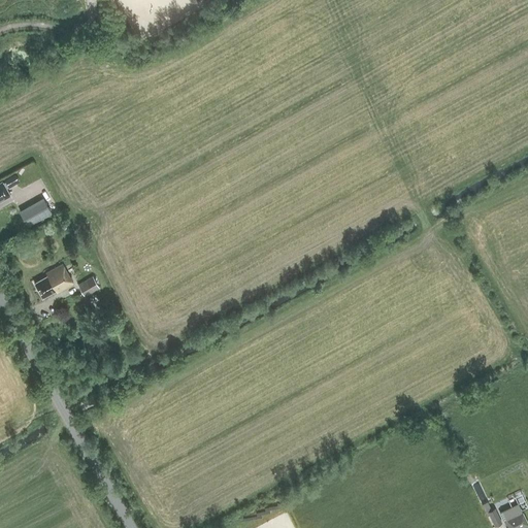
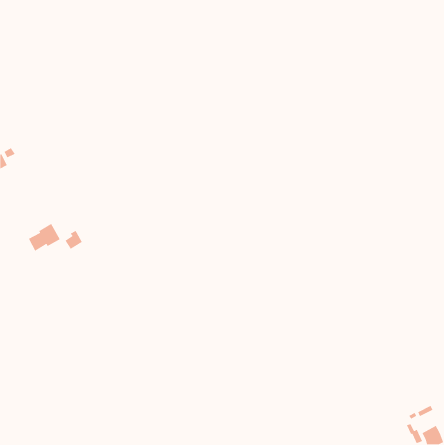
building: [19,198,50,226] -> none

